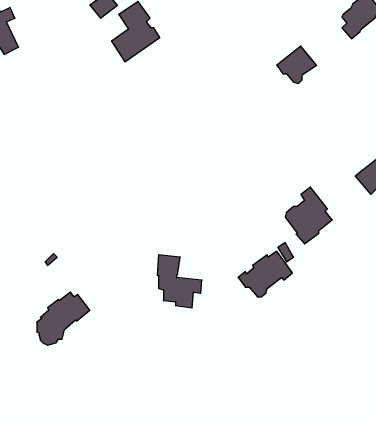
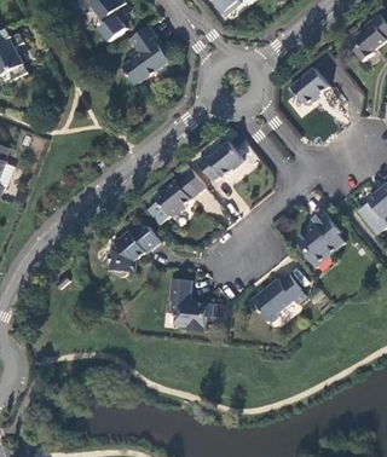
building: none -> [197,144,242,183]
building: none -> [154,170,204,218]
building: [37,292,90,345] -> [105,225,158,278]

